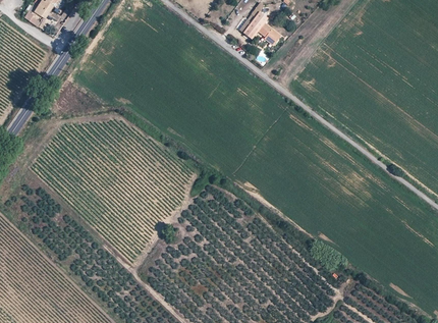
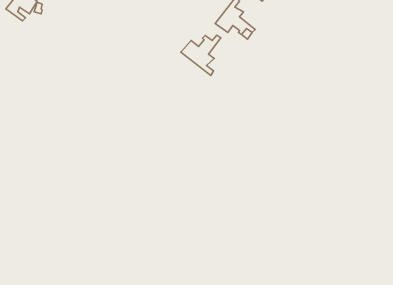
building: none -> [181,35,221,76]

